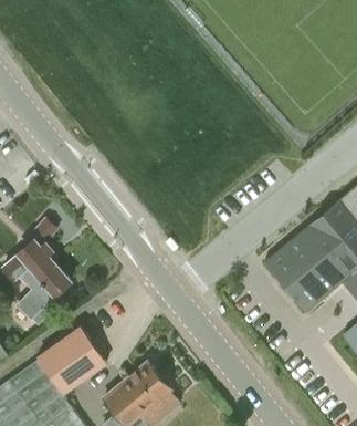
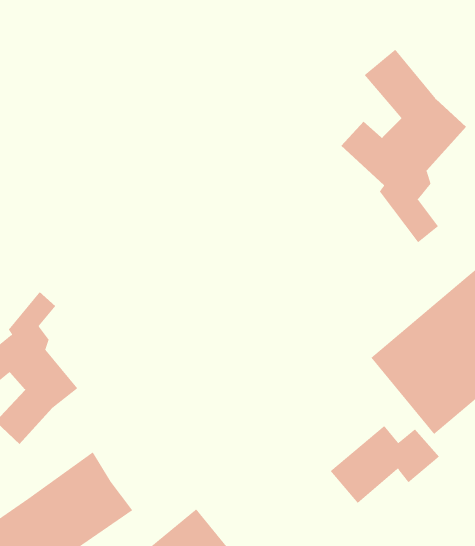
building: none -> [341,49,467,243]
building: none -> [330,425,440,504]

